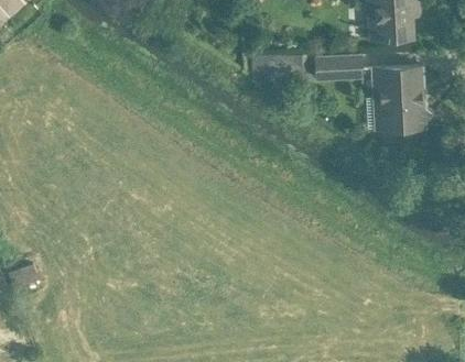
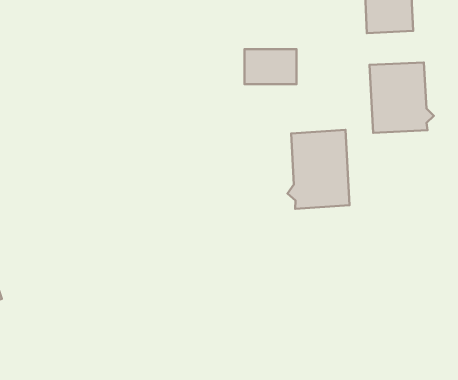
building: [317,56,364,79] -> none
building: none -> [288,130,349,209]

